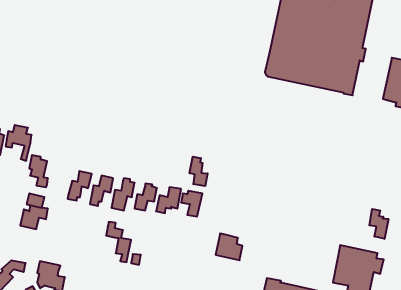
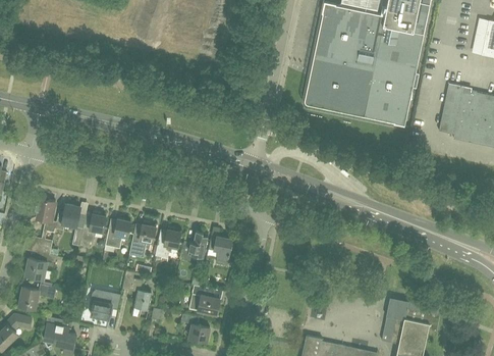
building: [6,125,32,161] -> [55,204,85,245]
building: [190,157,208,186] -> none
building: [369,209,388,239] -> none
building: [216,233,242,260] -> [188,285,219,315]
building: none -> [18,285,56,309]
building: none -> [90,292,120,319]
building: none -> [180,314,209,342]

